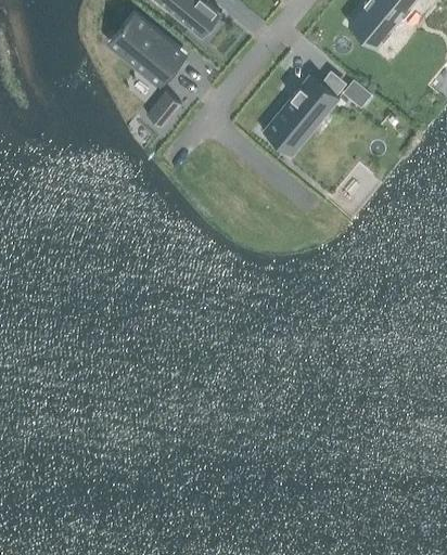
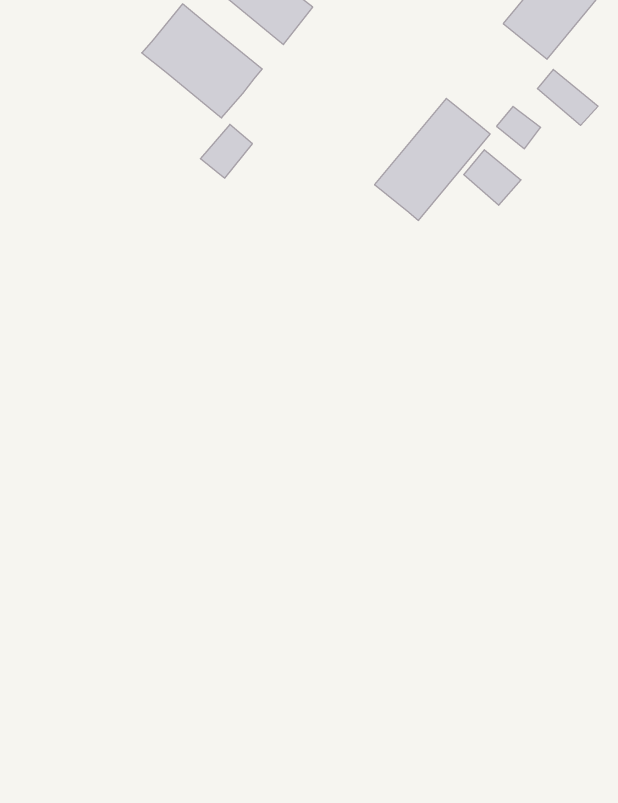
building: none -> [537,69,598,125]
building: none -> [464,150,521,205]

